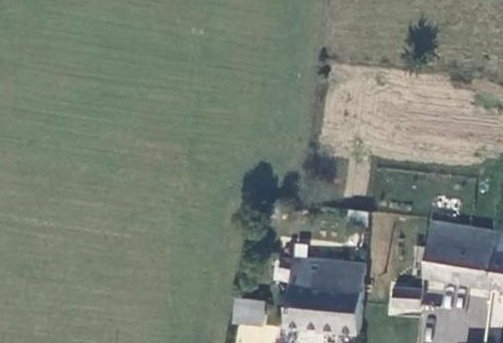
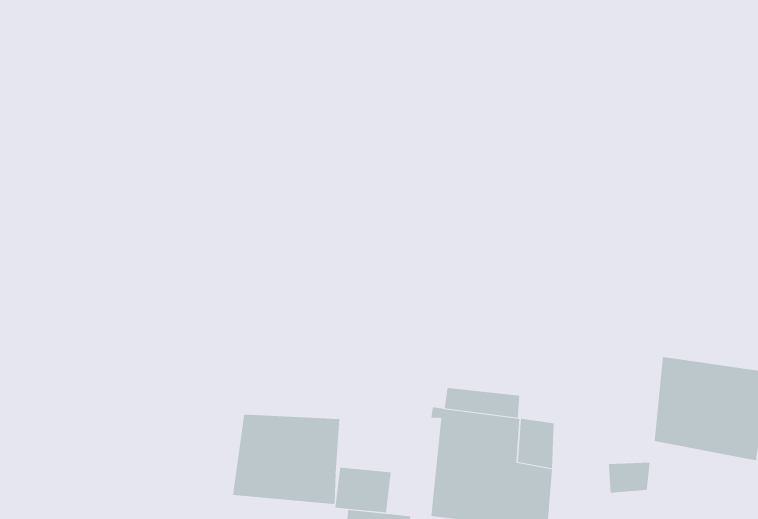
building: none -> [232,414,340,505]

